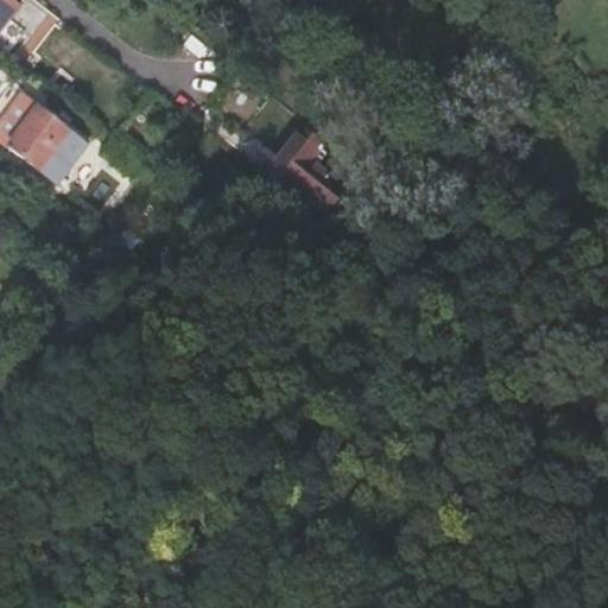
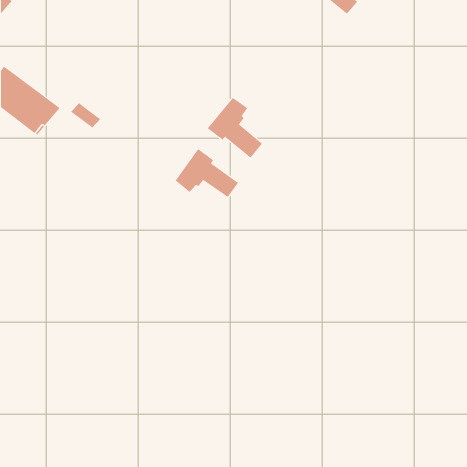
building: none -> [175,148,239,198]

